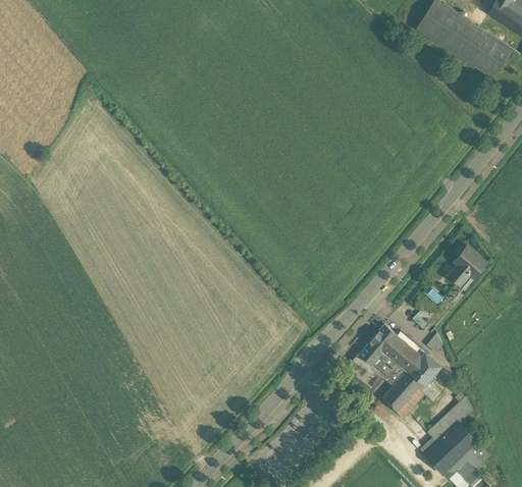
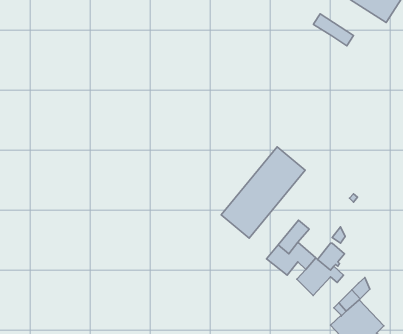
building: none -> [313,14,353,46]
building: none -> [221,147,305,238]
building: [452,248,485,289] -> none
building: [383,330,427,373] -> none

